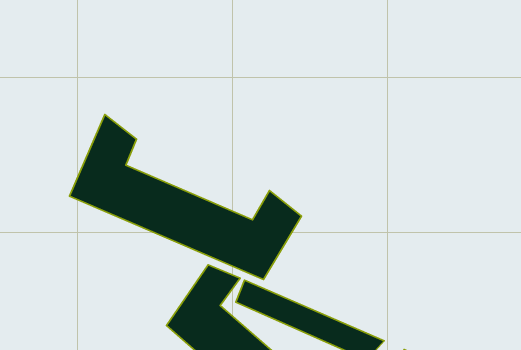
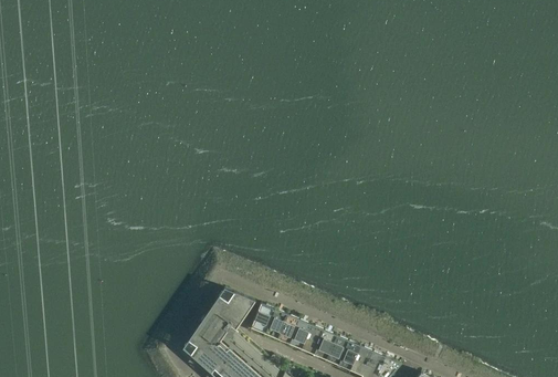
building: [70,114,302,280] -> none

